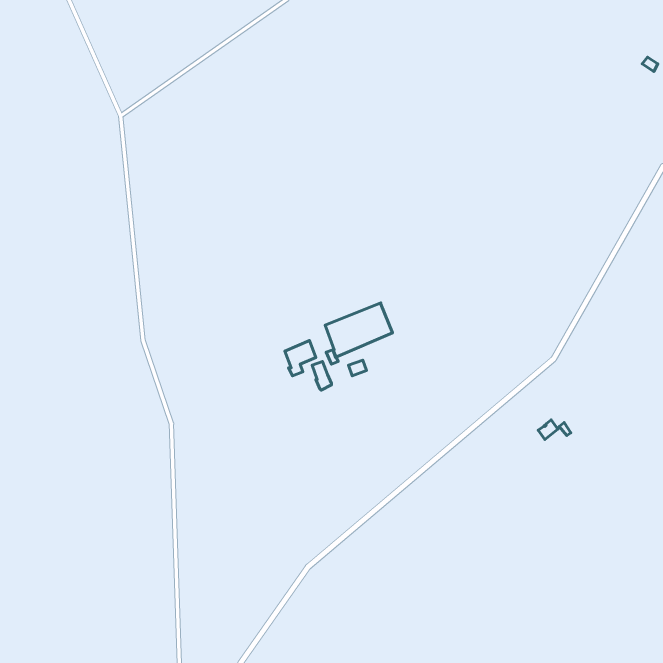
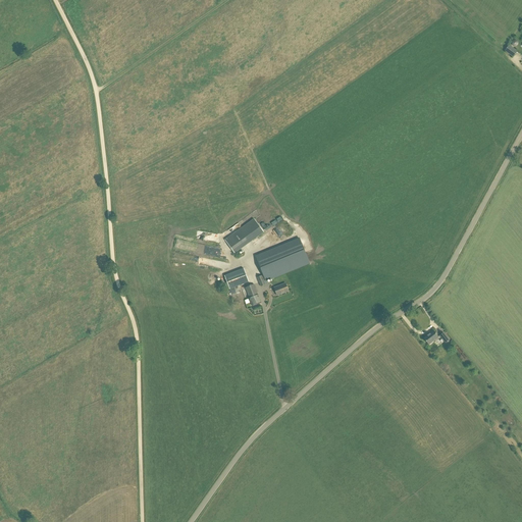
building: none -> [224,218,263,253]

